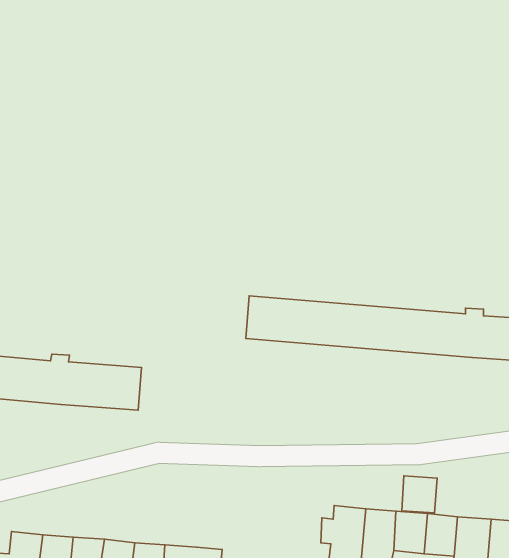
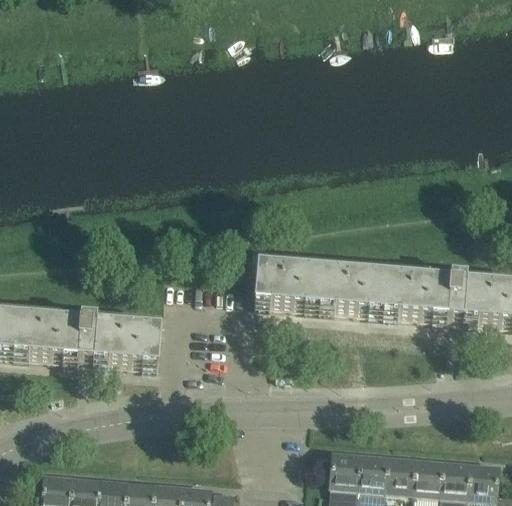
building: [402,476,437,513] -> none

